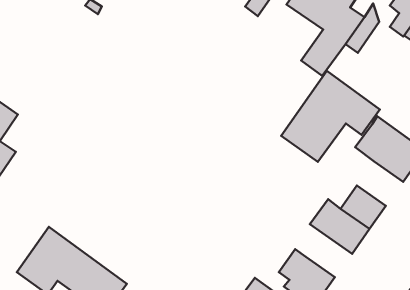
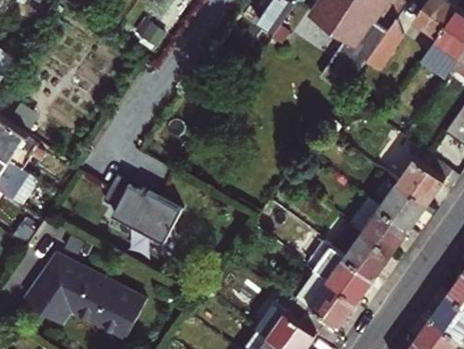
building: [281,71,380,162] -> none
building: none -> [102,174,182,243]
building: none -> [379,182,427,228]
building: none -> [326,256,374,302]

